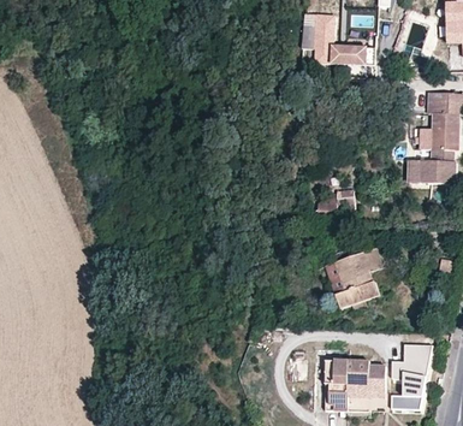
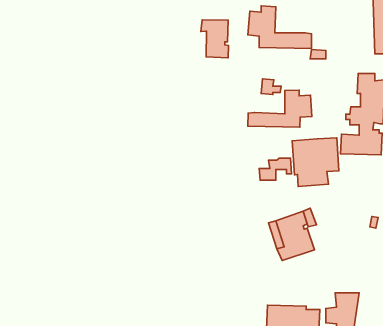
building: none -> [201,20,228,58]
building: none -> [248,90,312,127]
building: none -> [292,138,339,186]

